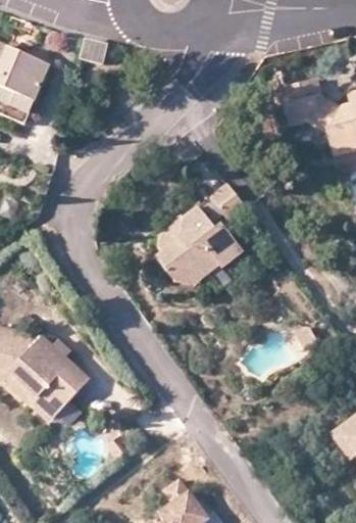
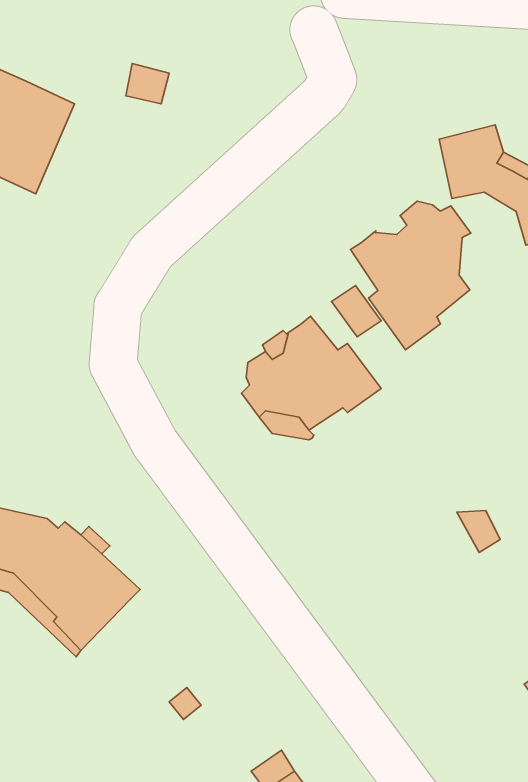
building: none -> [350,201,471,350]

